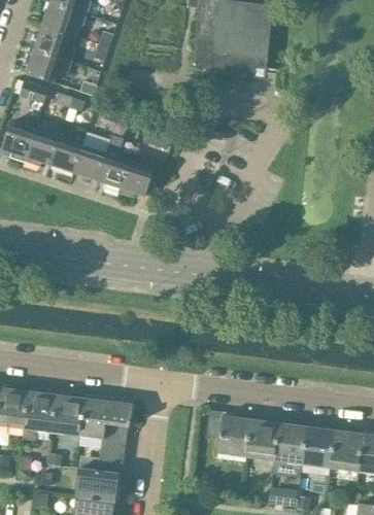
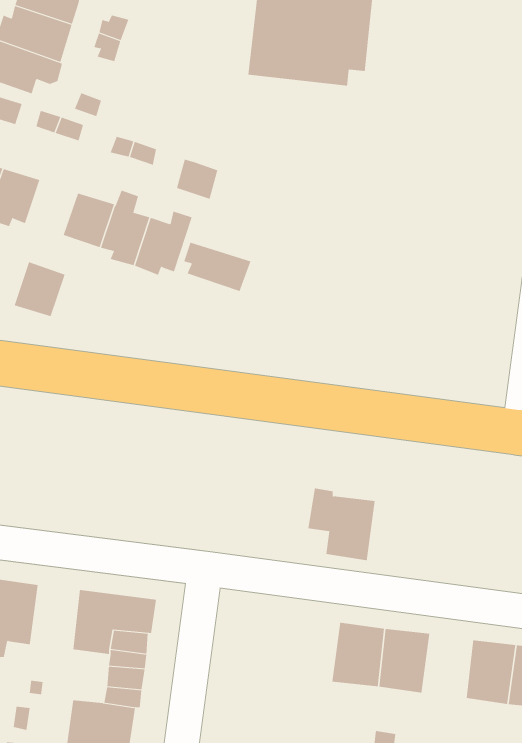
building: [48,137,81,172] -> [14,262,66,317]
building: none -> [183,242,253,292]
building: [52,394,82,436] -> none
building: [205,410,248,456] -> [308,488,376,561]
building: [301,425,333,467] -> none

